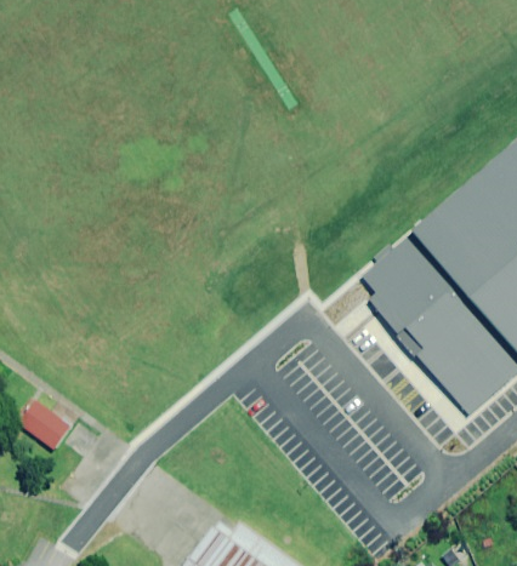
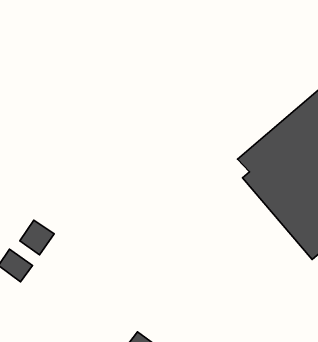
building: none -> [20,220,54,255]

